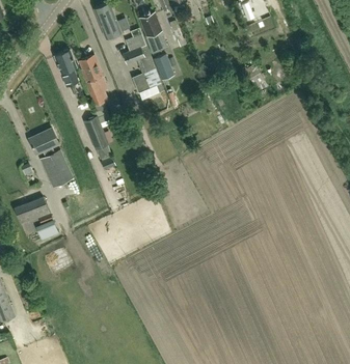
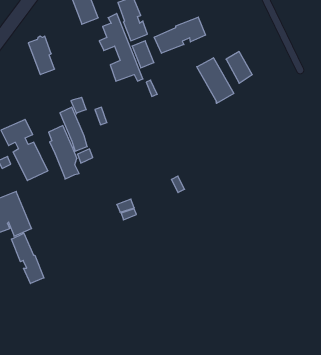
building: none -> [154,17,205,53]
building: [80,55,109,106] -> [49,126,79,179]
building: none -> [197,58,234,103]
building: none -> [11,233,44,284]

